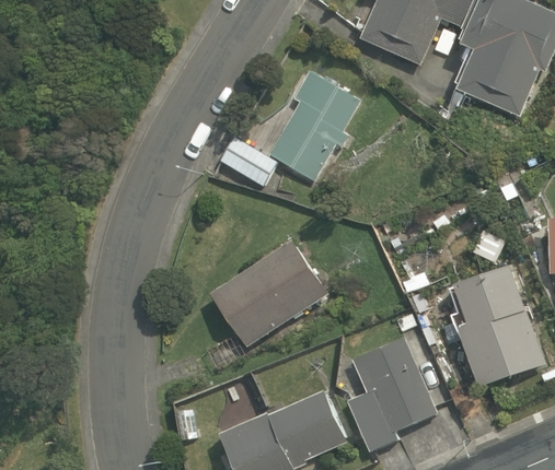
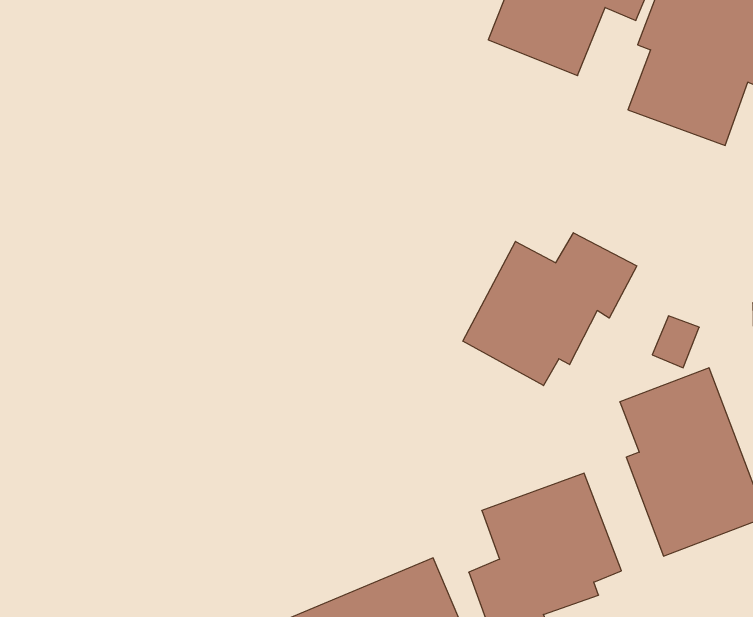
building: [217,78,357,187] -> none
building: none -> [463,233,637,386]
building: [210,237,331,345] -> none

